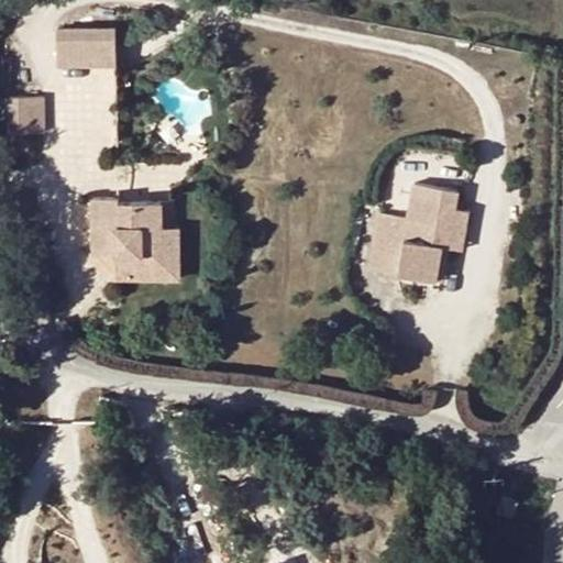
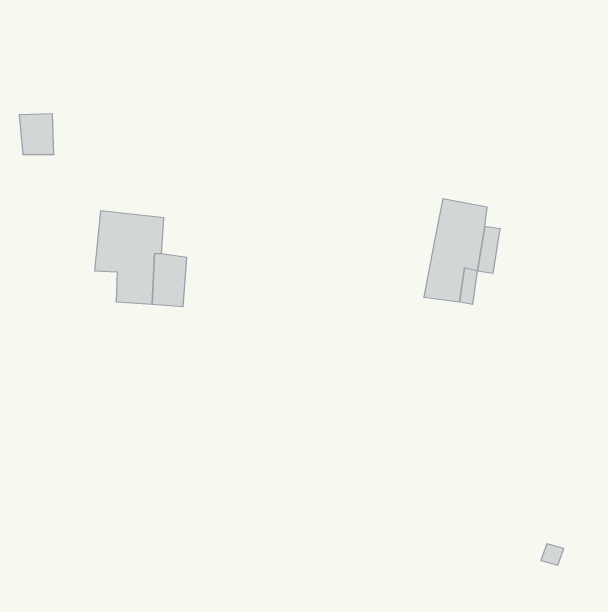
building: [66,32,124,68] -> none
building: [369,217,402,273] -> none

